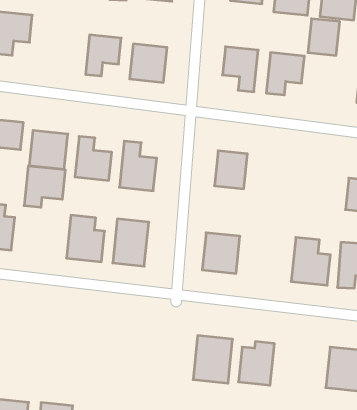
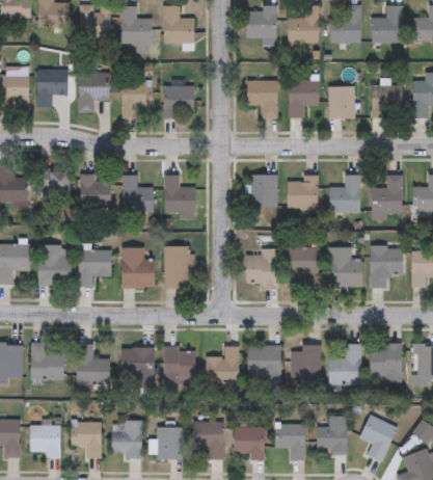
building: [308,19,340,55] -> [327,87,353,118]
building: none -> [79,74,109,112]
building: none -> [287,176,318,209]
building: none -> [329,176,358,213]
building: [24,166,65,207] -> [78,250,112,287]
building: none -> [287,247,320,288]
building: none -> [77,345,110,384]
building: none -> [121,348,154,392]
building: none -> [164,348,195,380]
building: none -> [206,347,238,384]
building: none -> [328,344,360,384]

